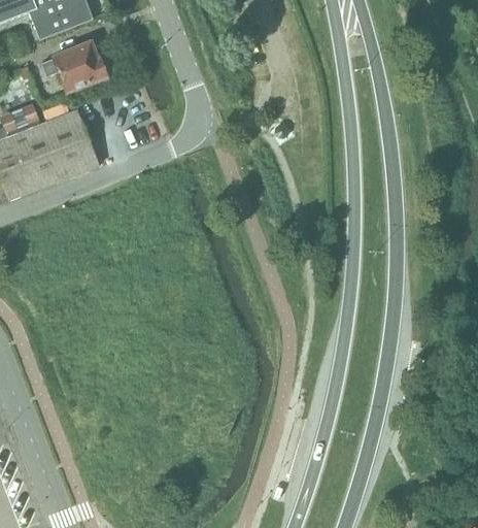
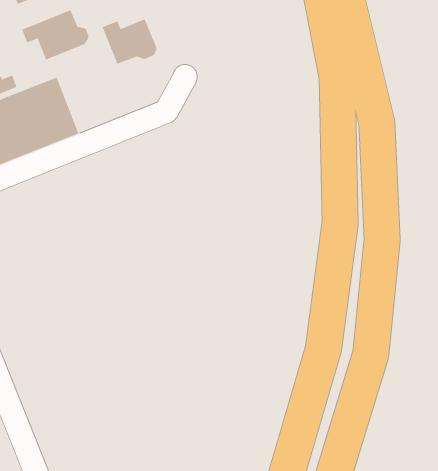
building: none -> [102,19,157,65]

